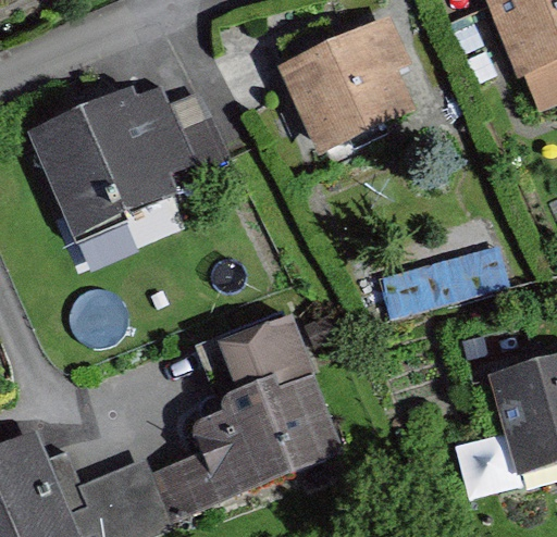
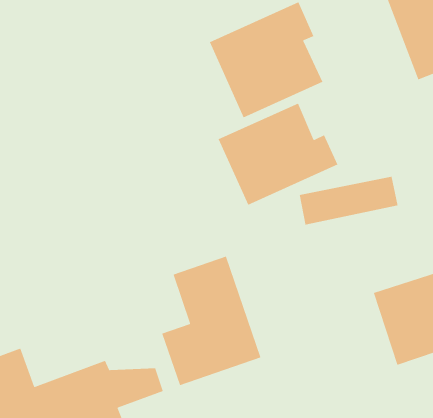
building: [27,84,200,249] -> none
building: none -> [218,103,338,206]

